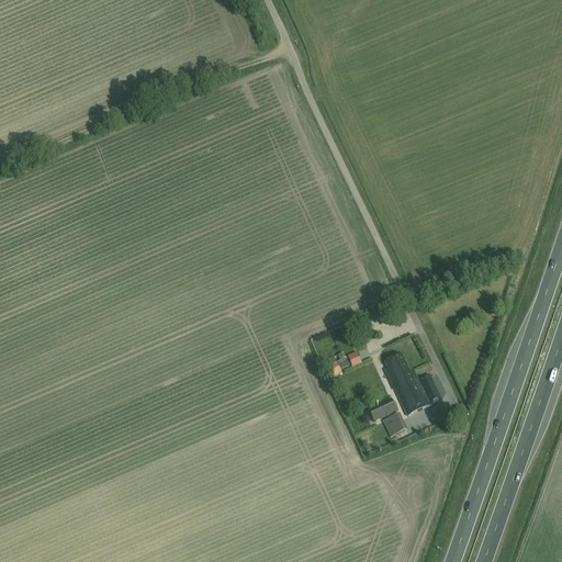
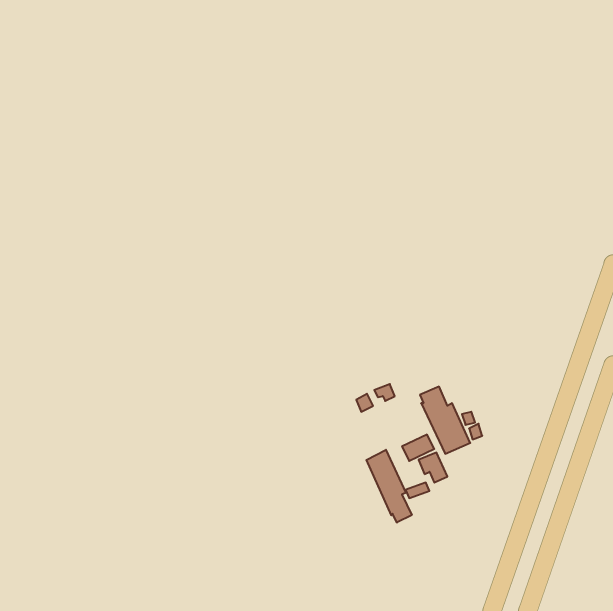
building: none -> [366,450,412,523]

